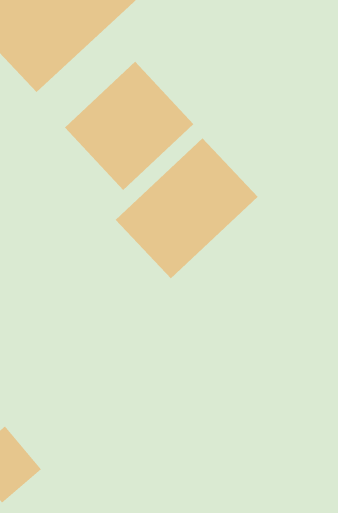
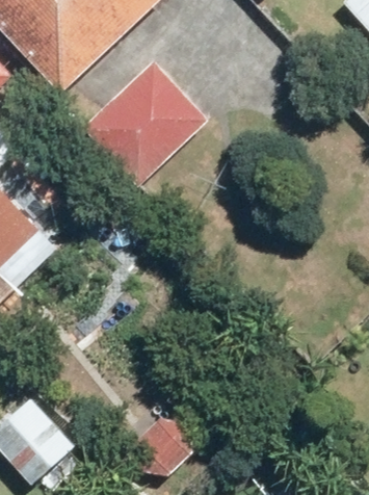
building: [115,137,259,279] -> none

